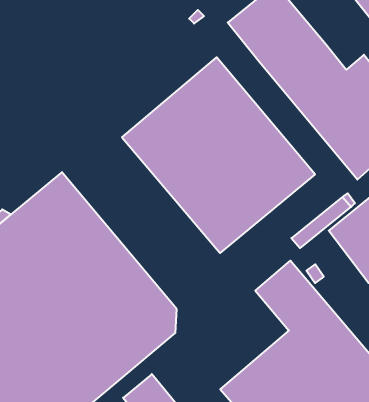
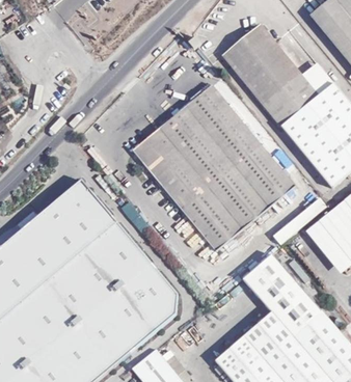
building: none -> [302,62,333,94]

